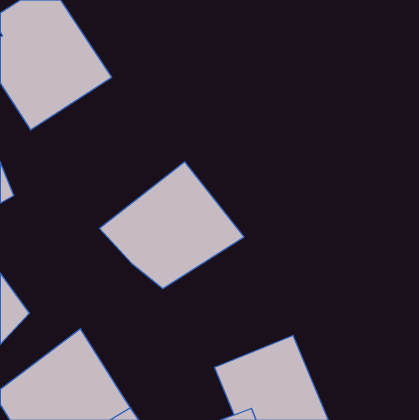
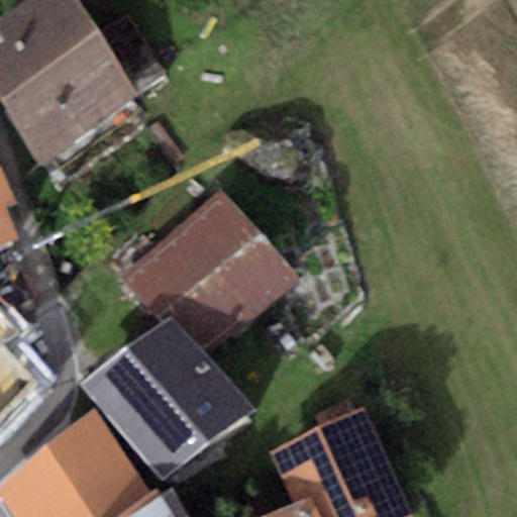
building: none -> [84,323,249,486]

